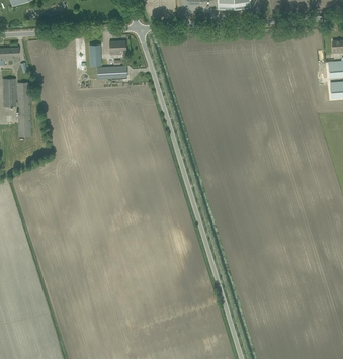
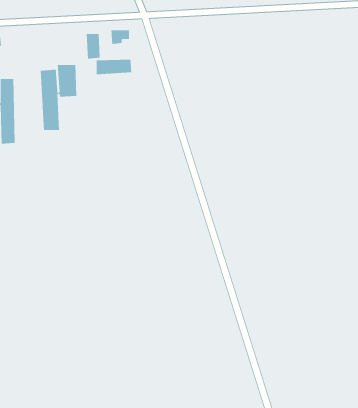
building: none -> [40,64,77,131]

